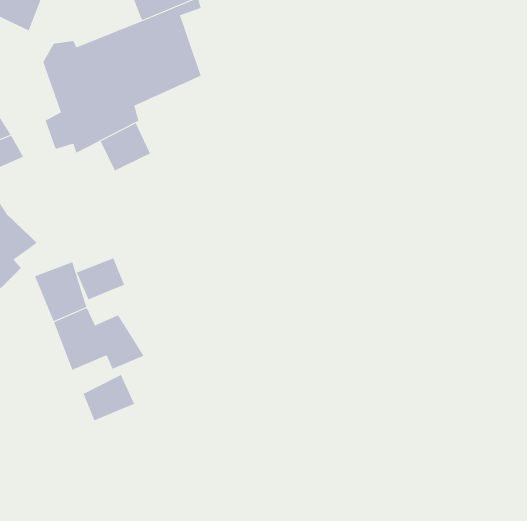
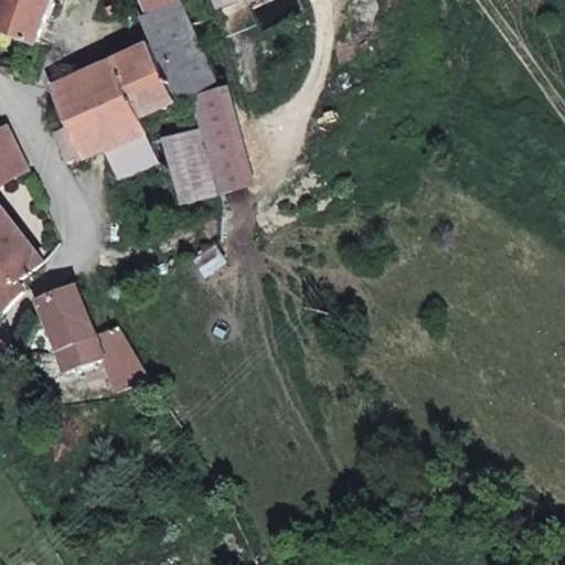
building: none -> [161,85,249,205]
building: [76,258,125,300] -> none
building: [83,374,135,421] -> none

